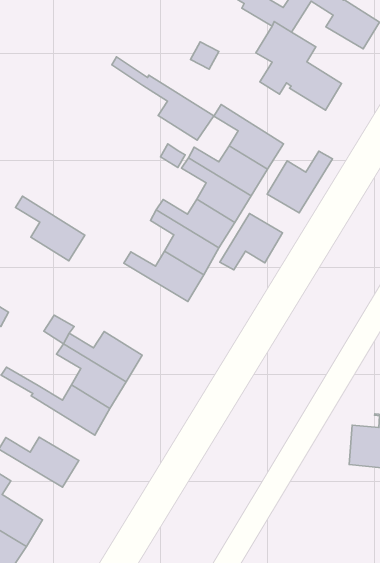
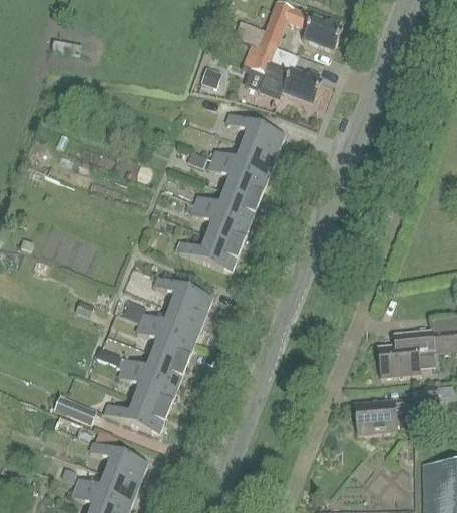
building: [112,57,214,140] -> none
building: [267,151,332,213] -> none
building: [15,196,85,261] -> [154,276,212,320]
building: [220,213,283,270] -> none
building: none -> [119,367,177,411]
building: none -> [354,400,396,434]

